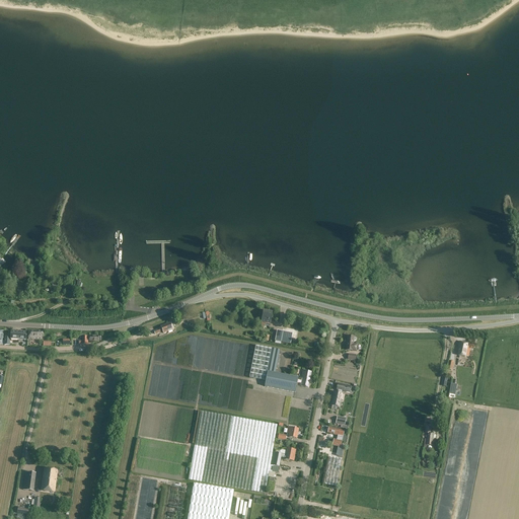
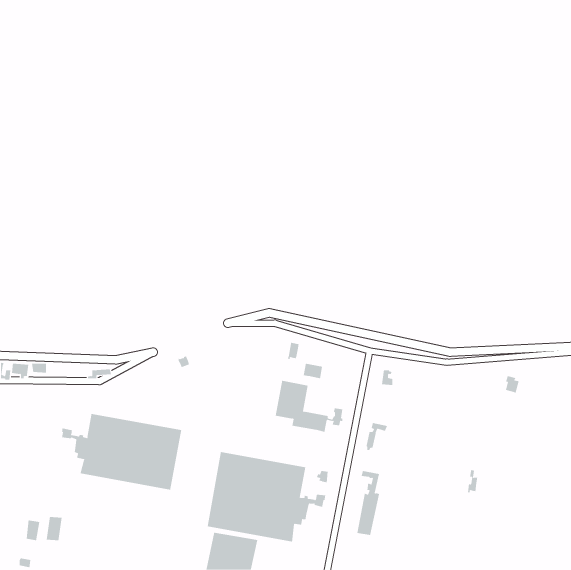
building: none -> [61,413,182,490]

